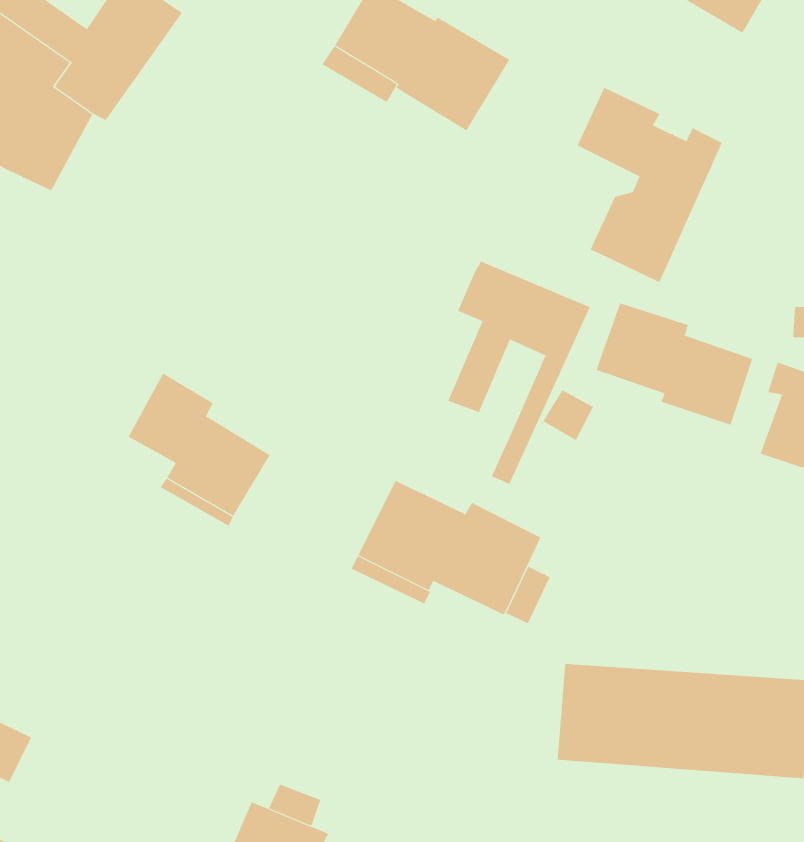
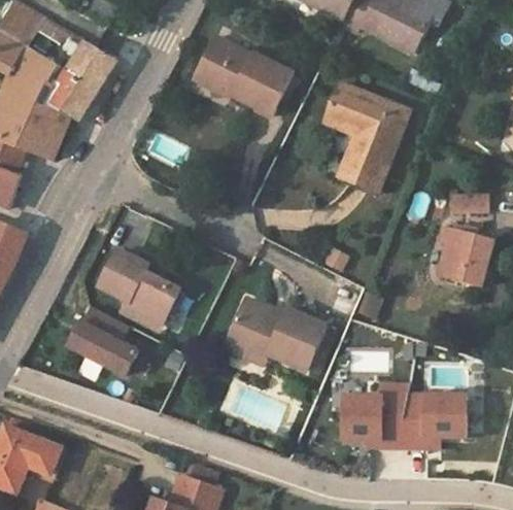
building: [448,261,590,485] -> none
building: [596,302,753,425] -> none
building: none -> [68,307,135,374]

